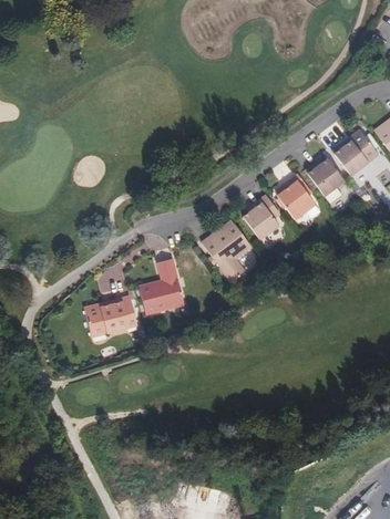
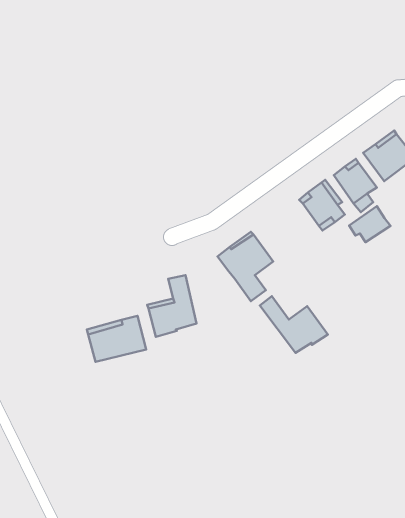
building: [242,194,279,239] -> none
building: none -> [349,206,391,242]
building: none -> [260,296,328,353]

